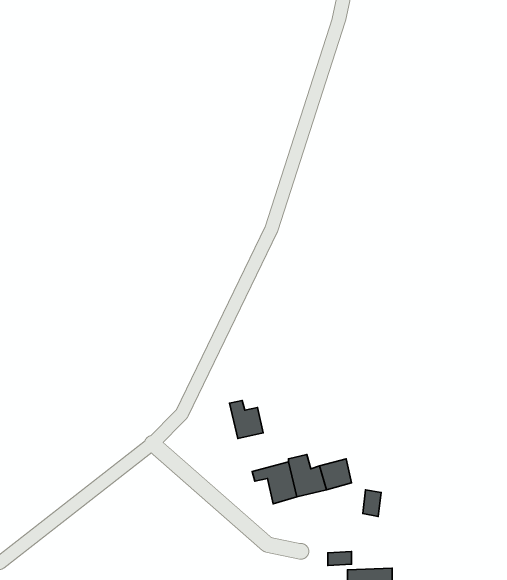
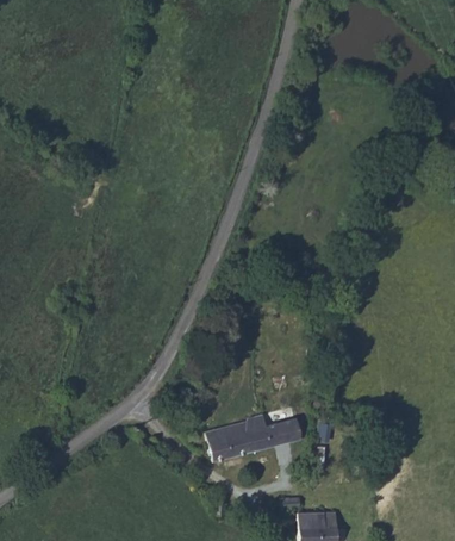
building: [229,400,263,438] -> [206,429,235,461]

